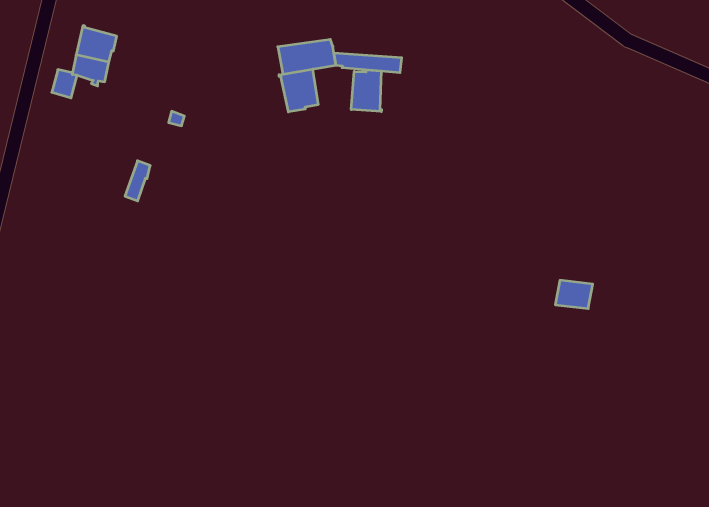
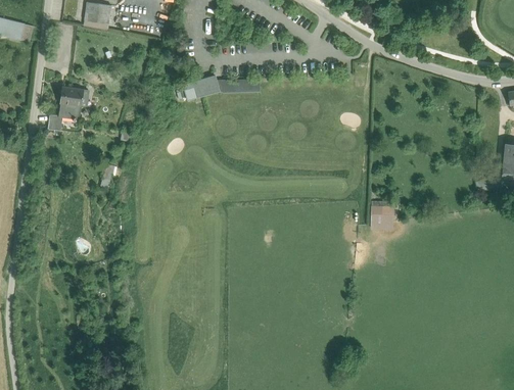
building: [279,69,318,112] -> none
building: [351,70,382,112] -> none

